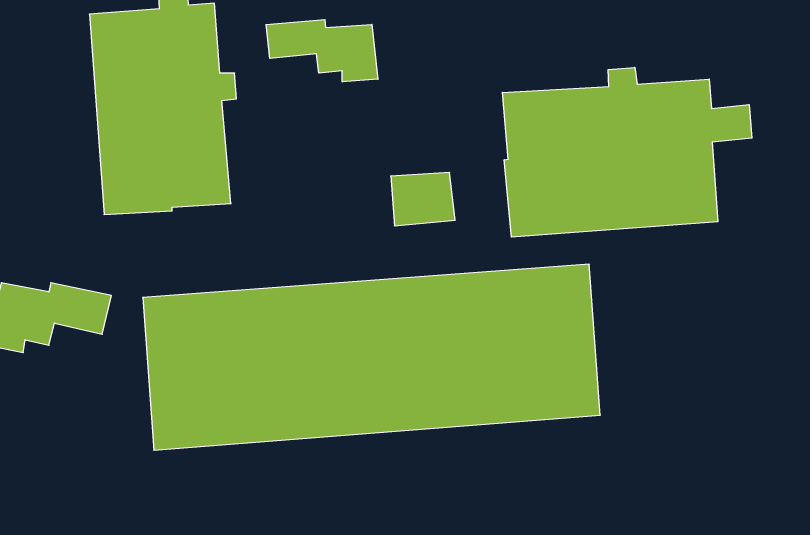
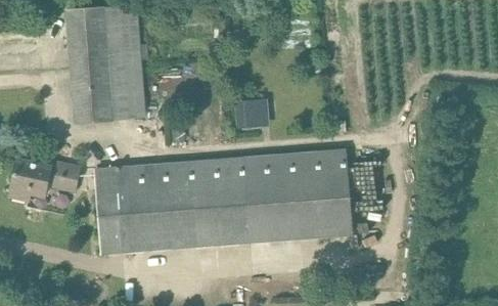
building: [266,20,378,82] -> none
building: [502,67,752,237] -> none

